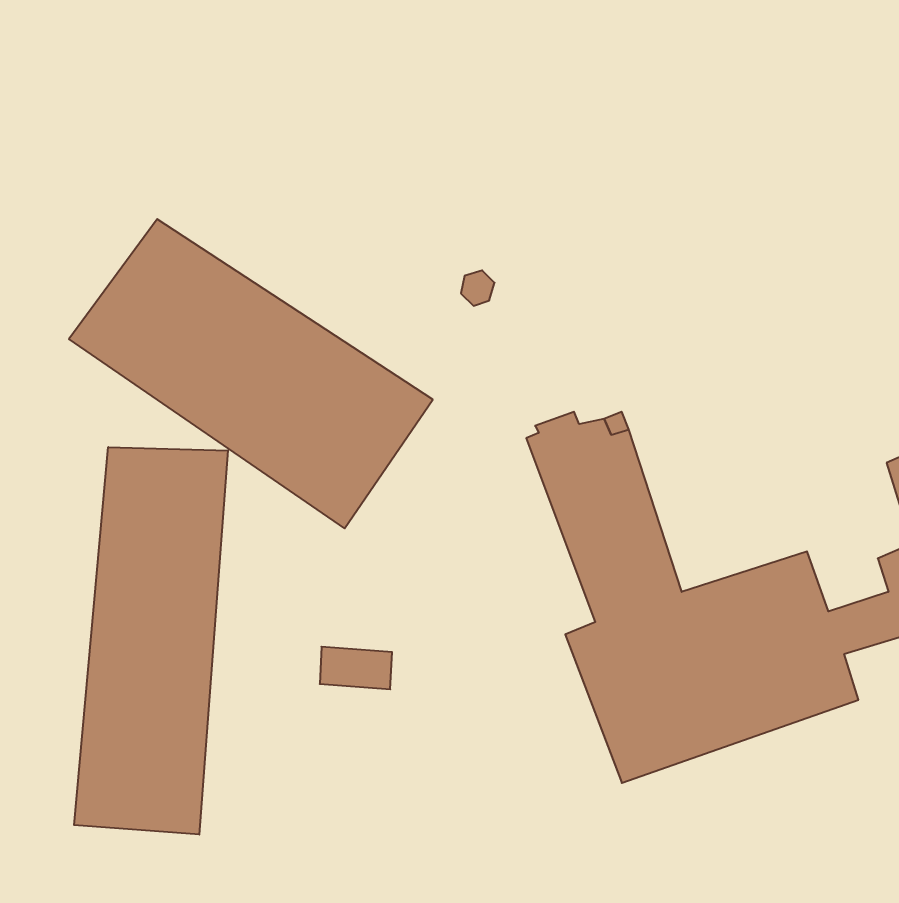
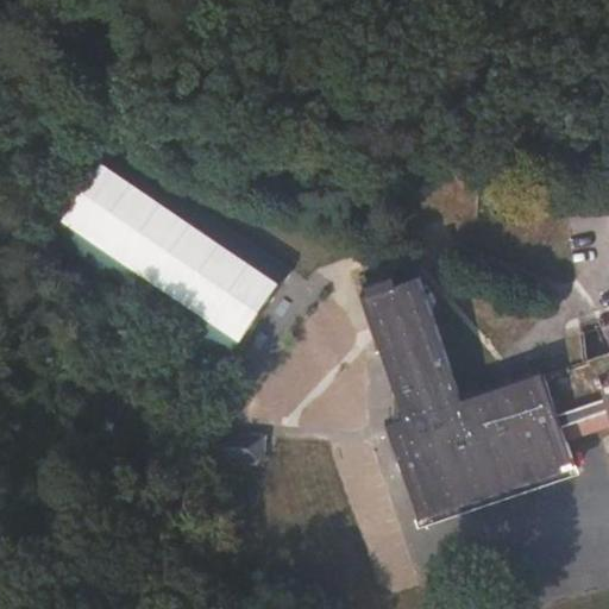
building: [74,447,228,835] -> none

